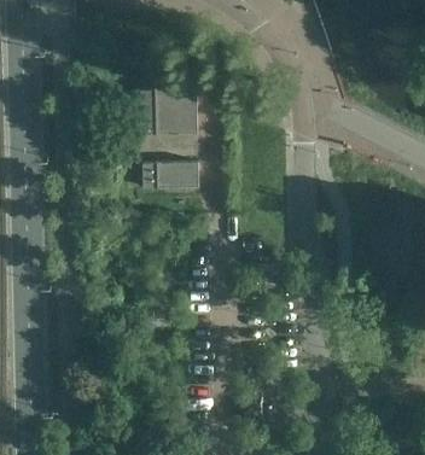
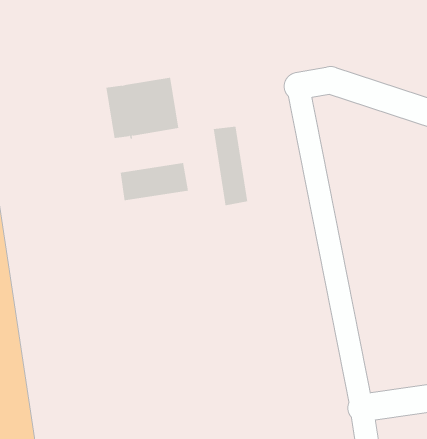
building: none -> [213,126,248,206]

